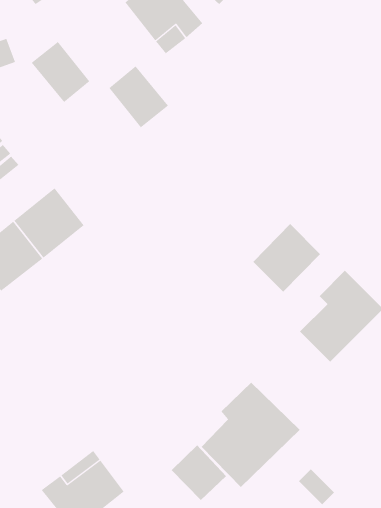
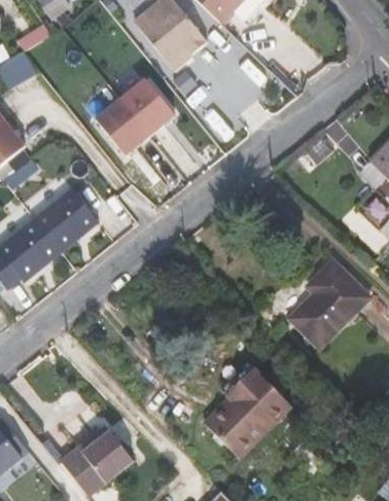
building: [31,41,90,103] -> [95,99,148,154]
building: [252,223,321,292] -> none
building: [171,444,227,501] -> none

